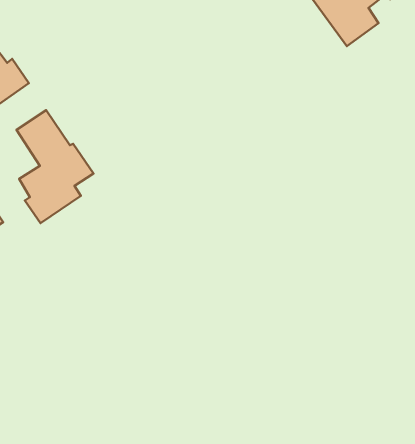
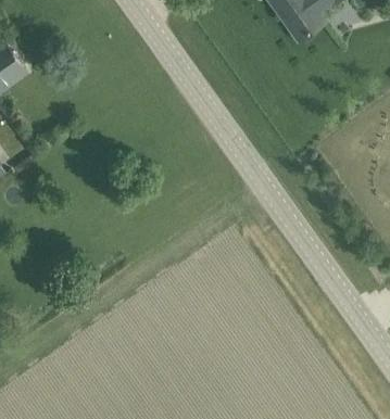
building: [16,110,94,223] -> none

